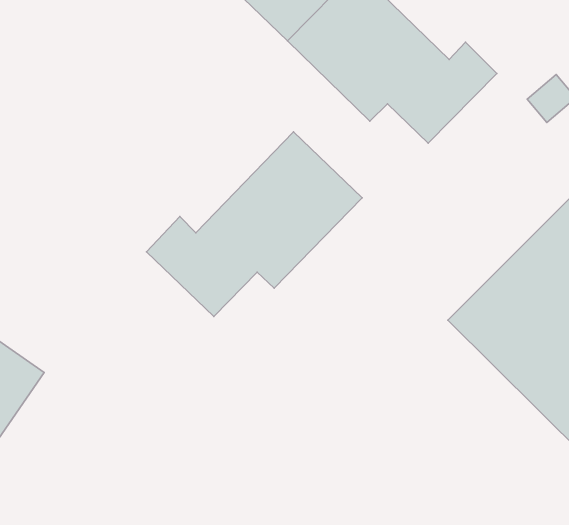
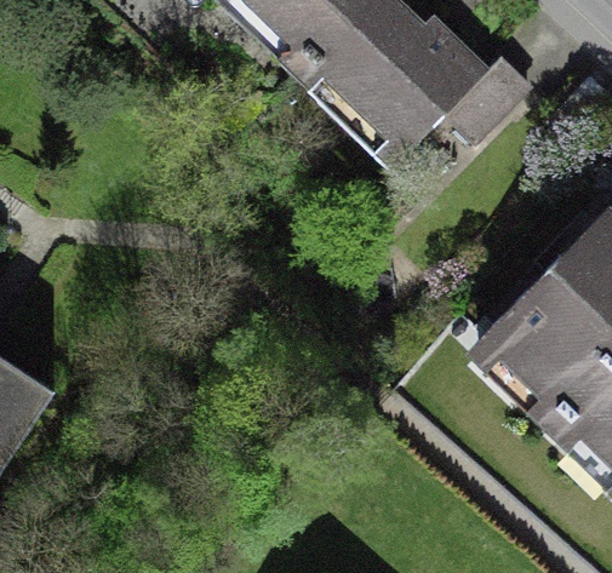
building: [146,132,362,317] -> none

